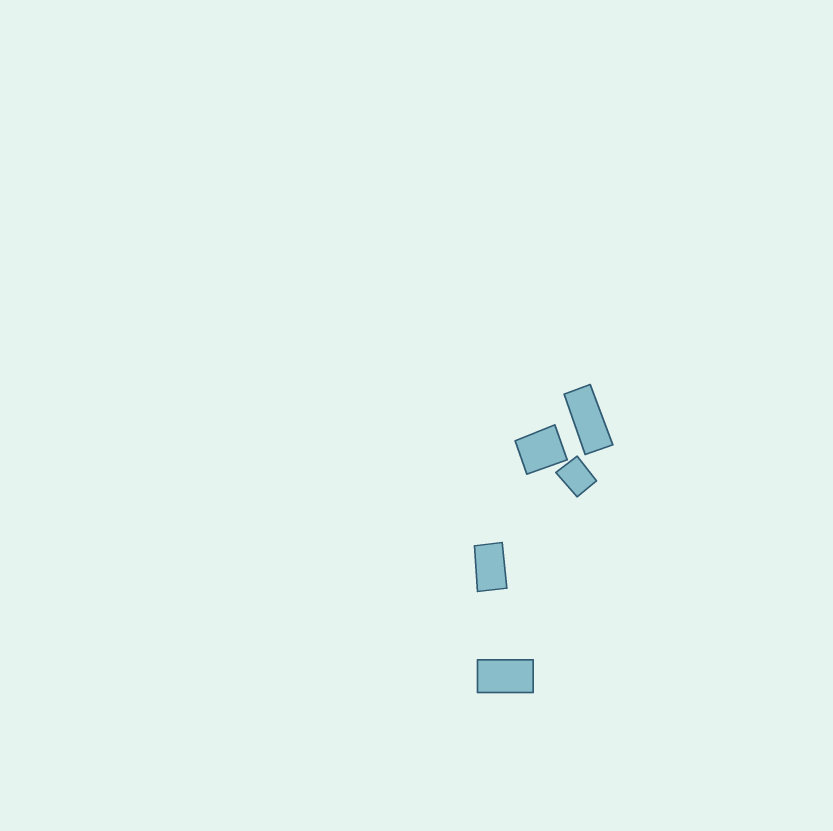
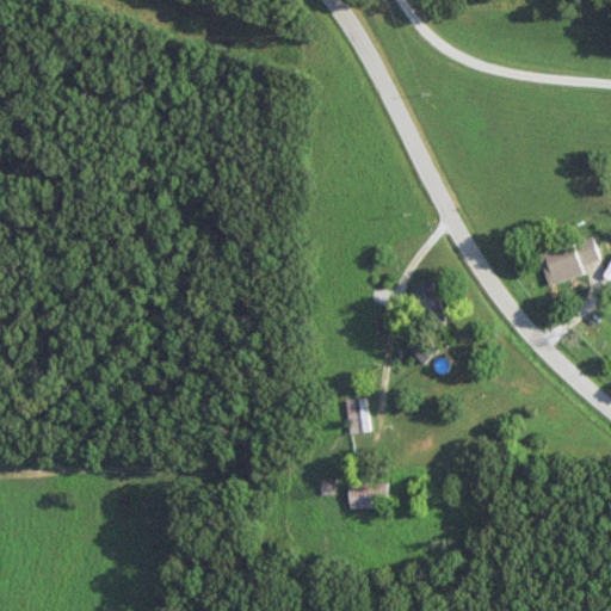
building: none -> [538,237,599,285]
building: [515,425,567,474] -> none

